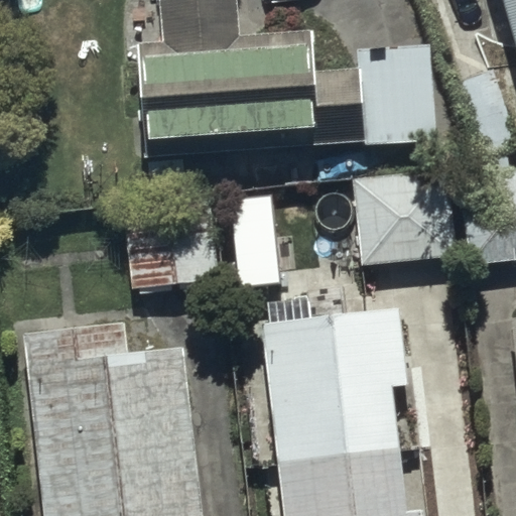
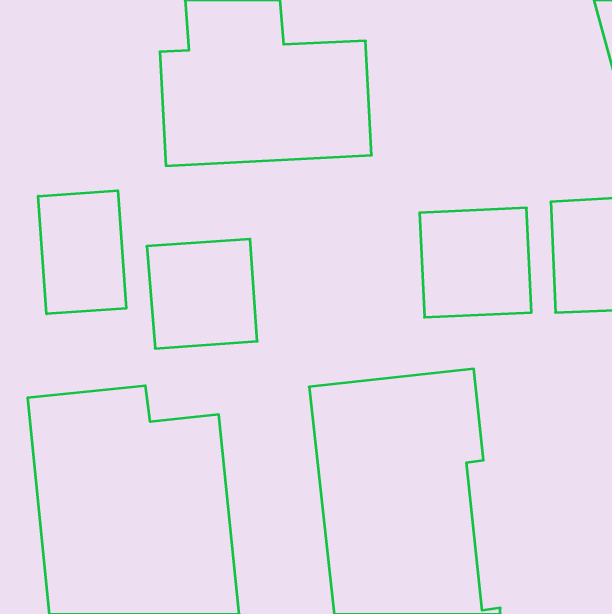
building: [361,47,433,144] -> none
building: none -> [38,191,126,314]

